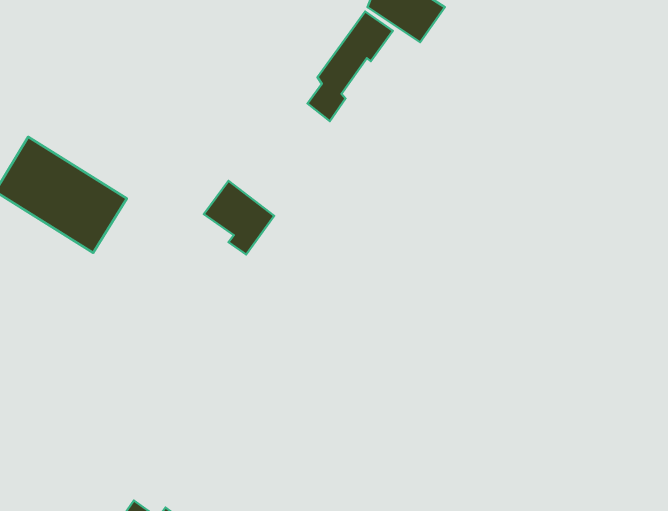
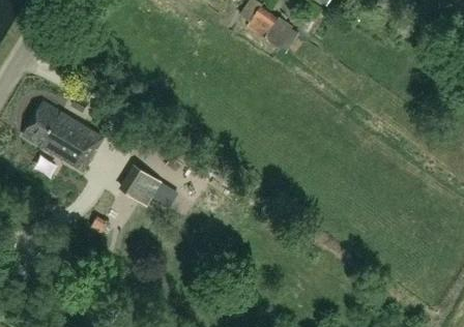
building: [308,11,393,121] -> none
building: none -> [123,168,177,207]

